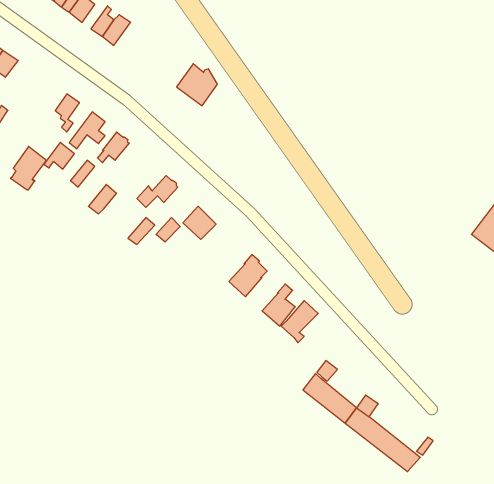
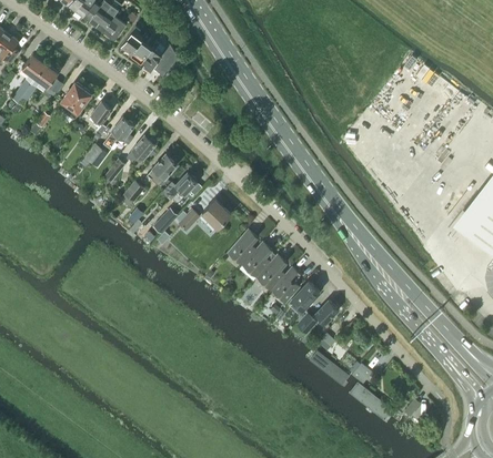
building: [177,64,217,106] -> [142,40,178,77]
building: [11,146,46,190] -> [60,82,91,120]
building: none -> [147,154,178,184]
building: none -> [228,230,258,265]
building: none -> [256,254,286,291]
building: none -> [296,301,339,334]

